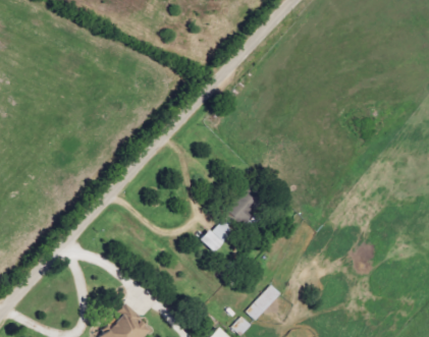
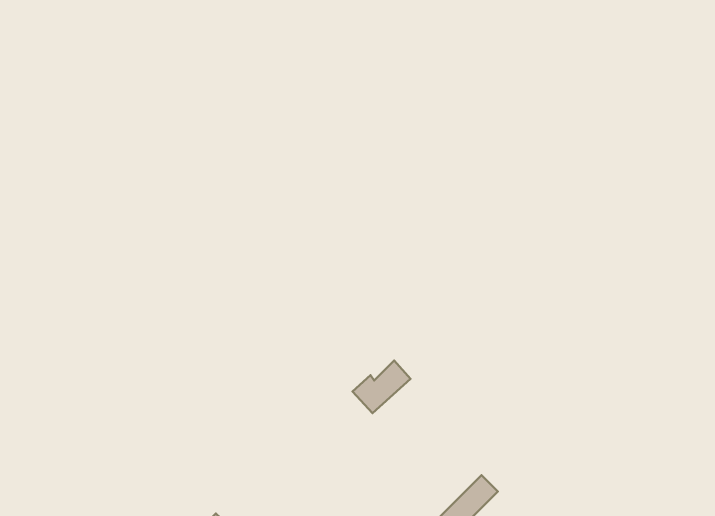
building: [227,189,257,219] -> none

